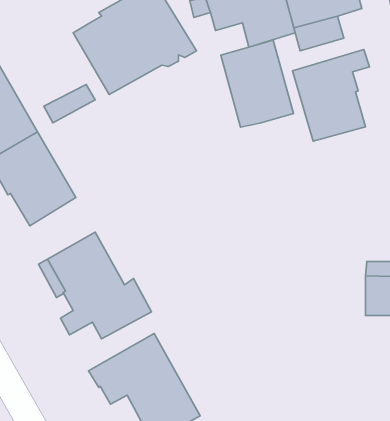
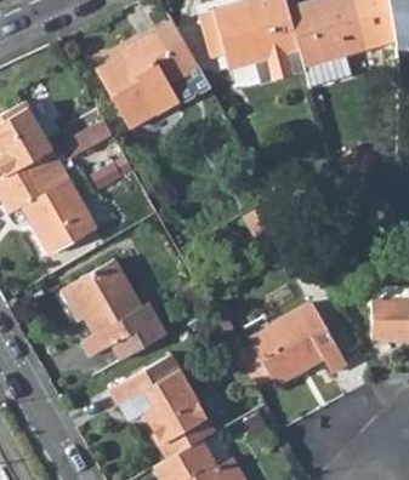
building: [221,40,293,127] -> none
building: [292,49,370,141] -> none
building: none -> [237,302,348,387]

